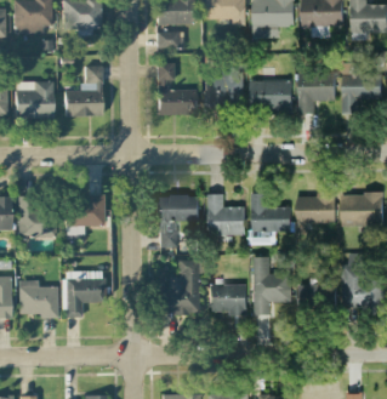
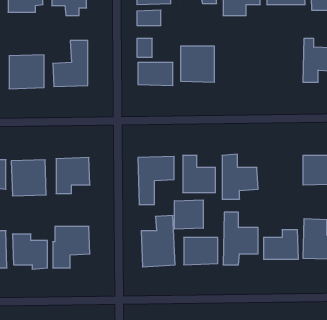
building: [297,73,335,114] -> none
building: [249,80,291,113] -> none
building: [296,194,335,224] -> none
building: none -> [174,200,203,229]

